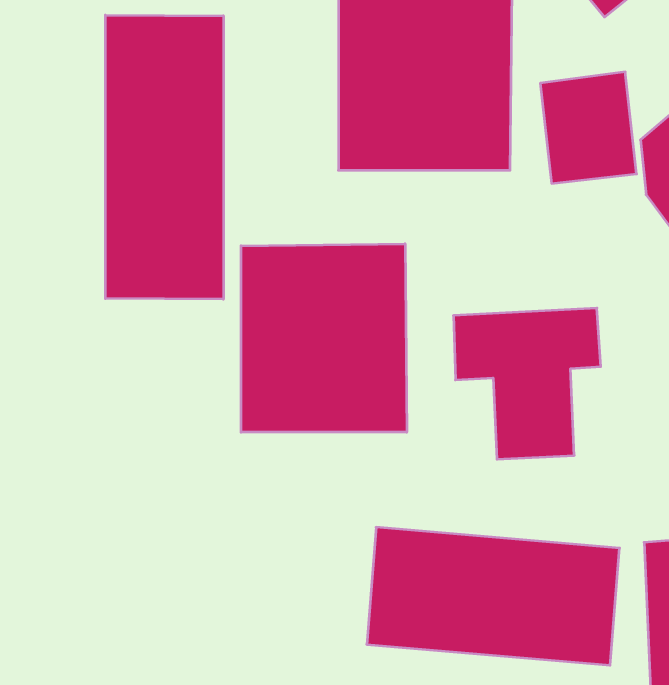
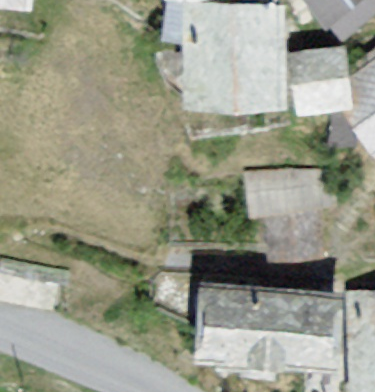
building: [105,15,223,299] -> none
building: [241,244,407,432] -> none

